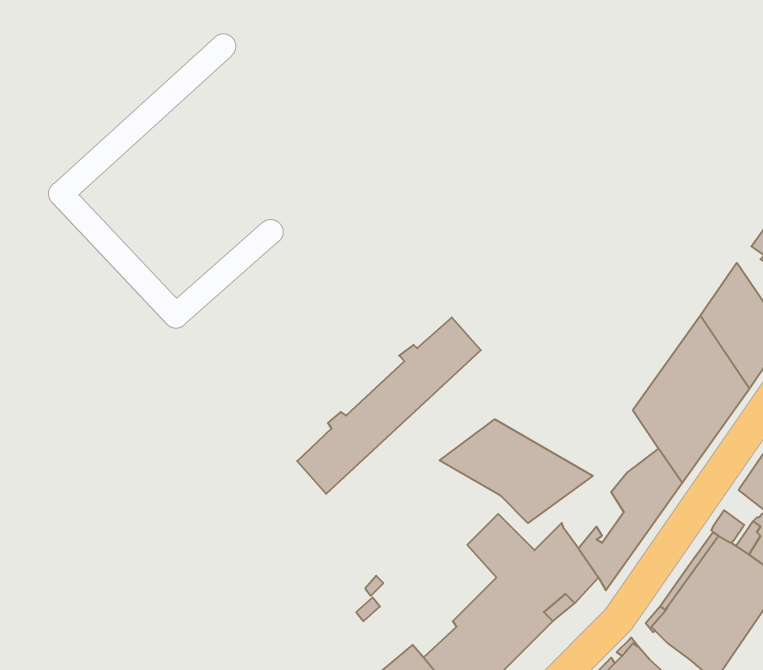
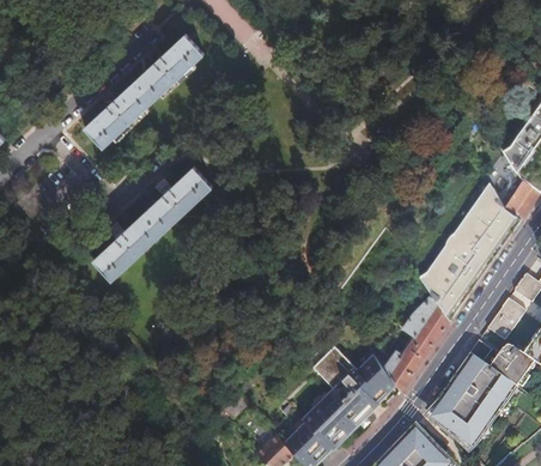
building: none -> [84,35,203,149]
building: [297,317,481,494] -> [92,165,213,282]
building: [440,419,593,523] -> none

